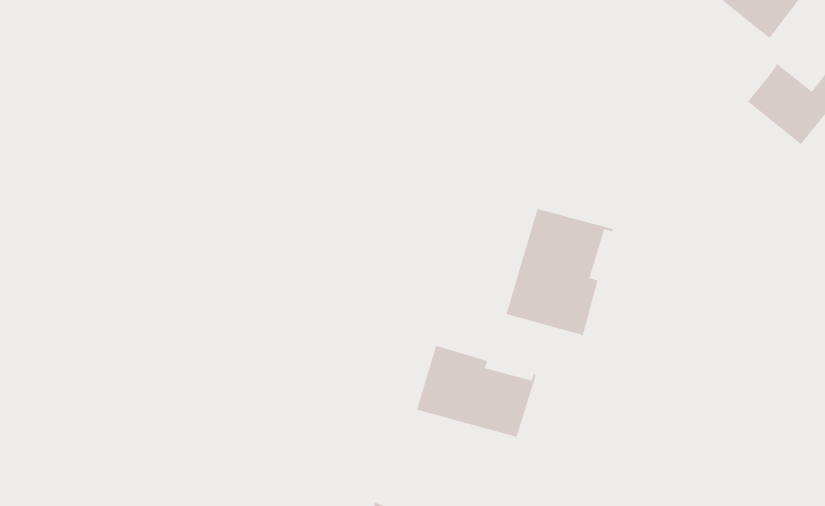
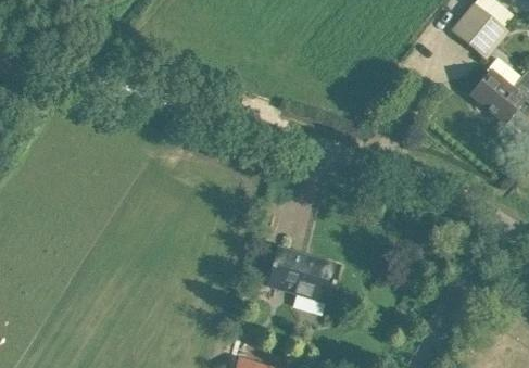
building: [506,208,613,336] -> none

